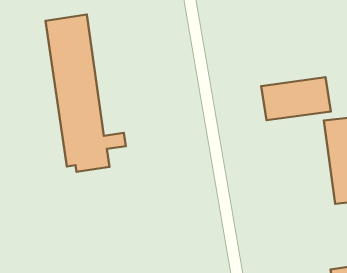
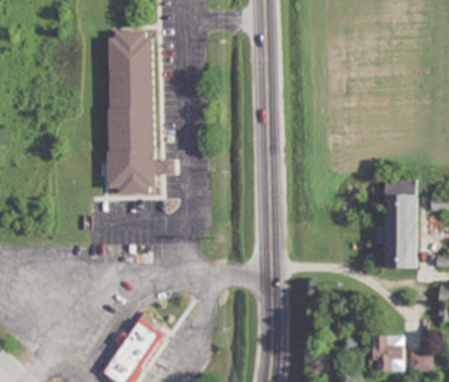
building: [261,77,331,120] -> none

